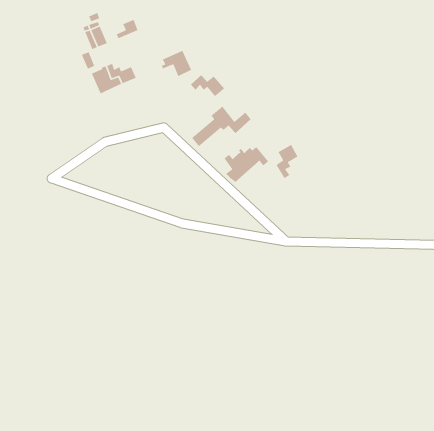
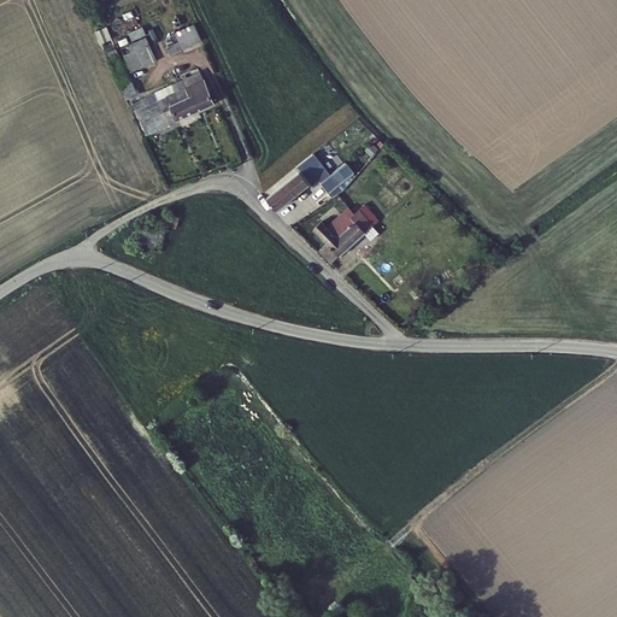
building: [161,50,192,77] -> [170,72,215,111]
building: [190,75,225,97] -> none
building: [275,144,299,179] -> none

